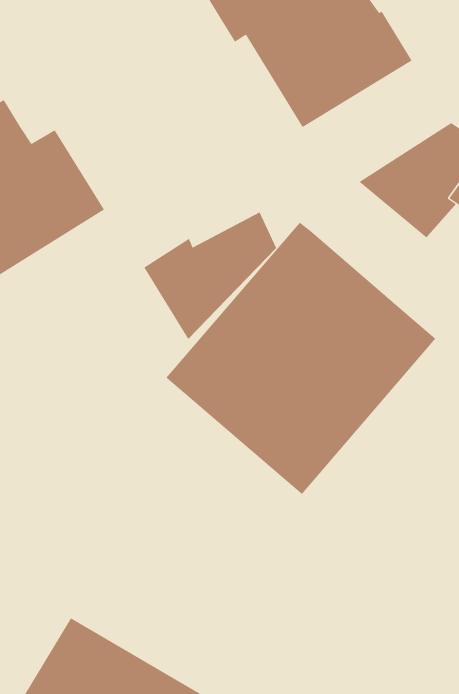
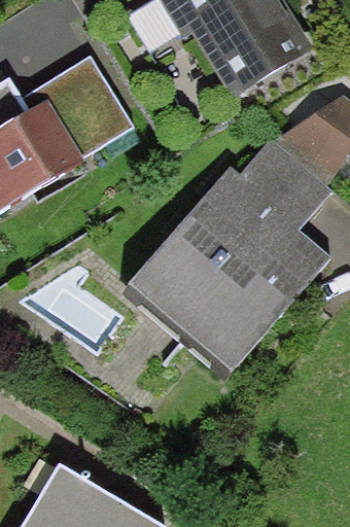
building: none -> [21,56,132,156]
building: none -> [238,137,331,229]
building: [144,212,277,340] -> none

